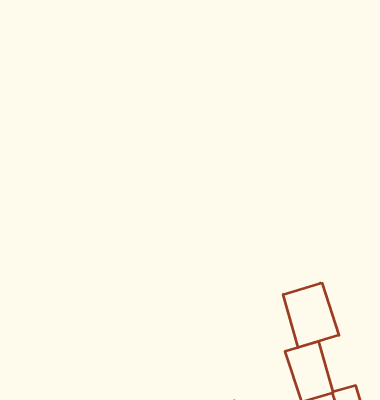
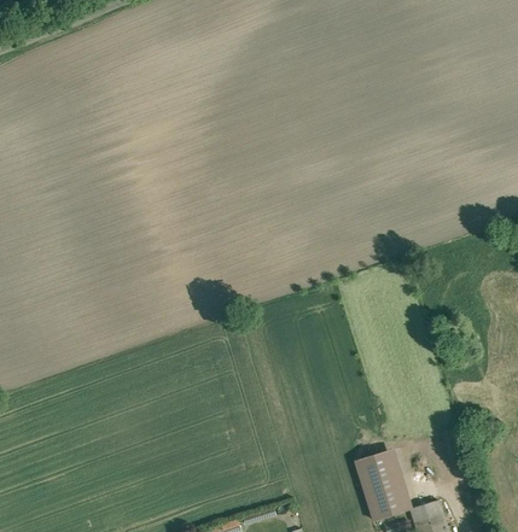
building: [283,283,339,348] -> none

